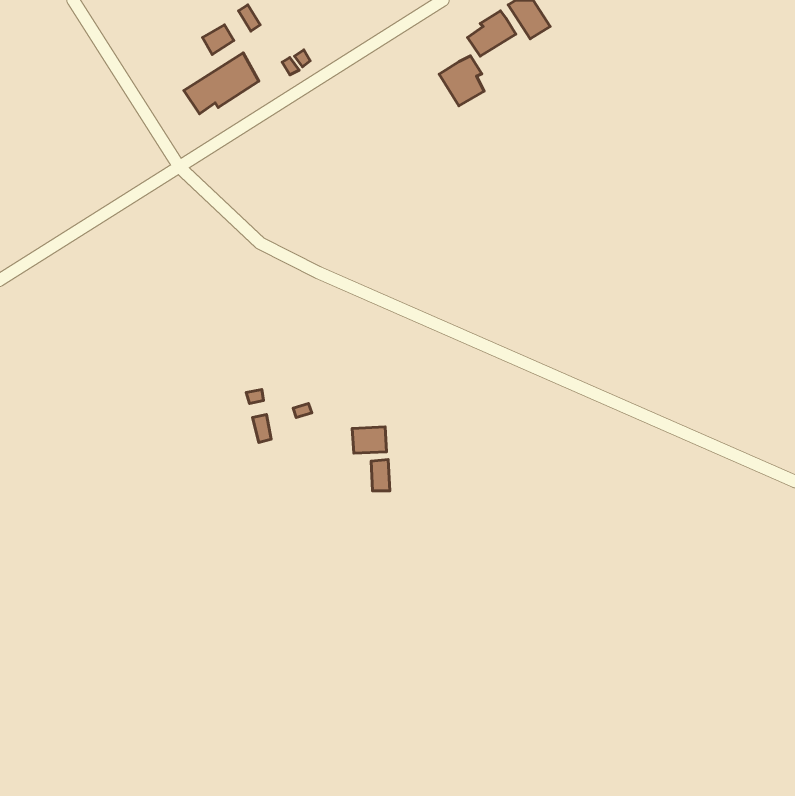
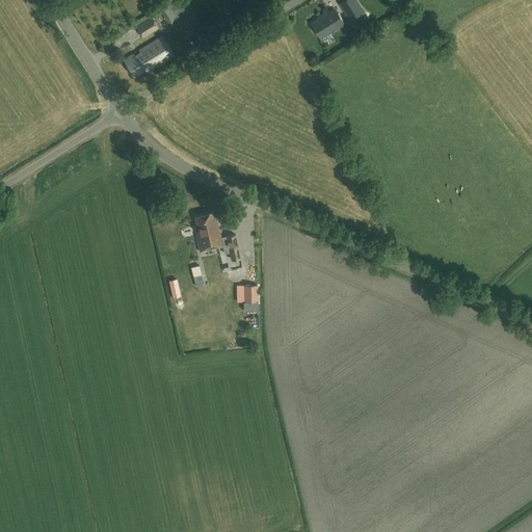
building: [439,56,484,106] -> none
building: none -> [193,211,239,259]

